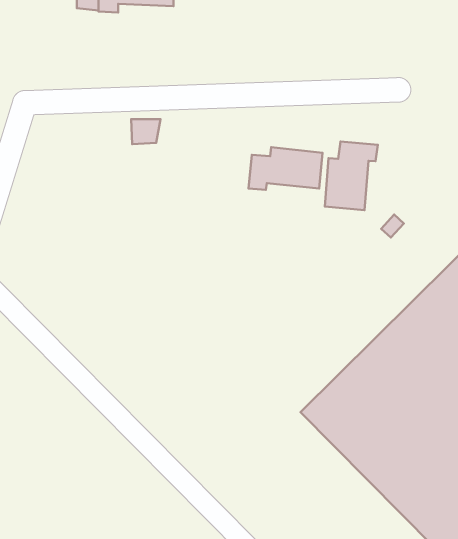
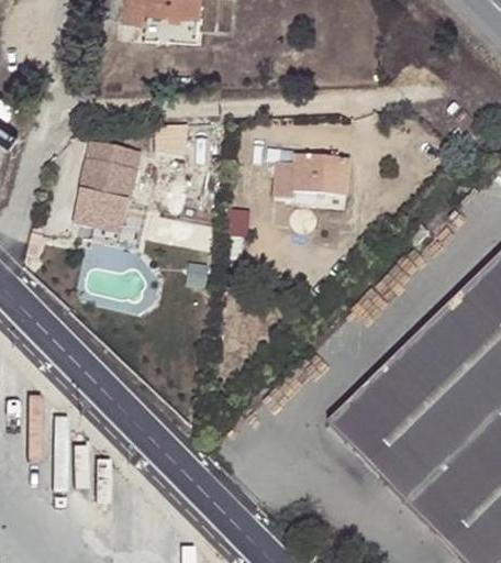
building: none -> [74,139,140,230]
building: [325,142,378,210] -> none

